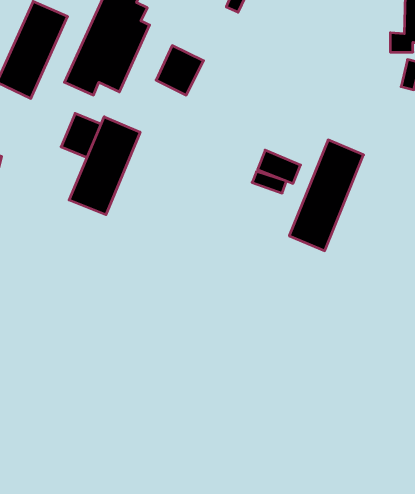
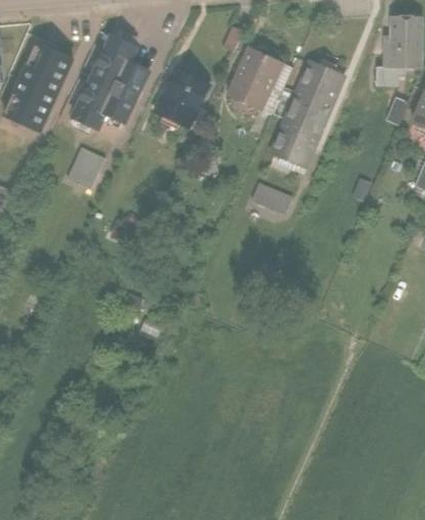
building: none -> [227,47,285,110]
building: [69,117,140,215] -> none
building: [289,140,364,251] -> [271,64,342,169]

